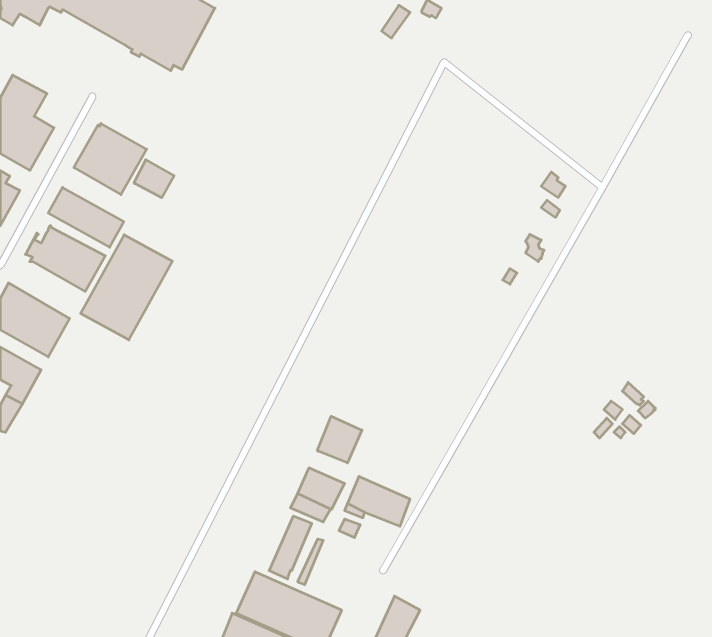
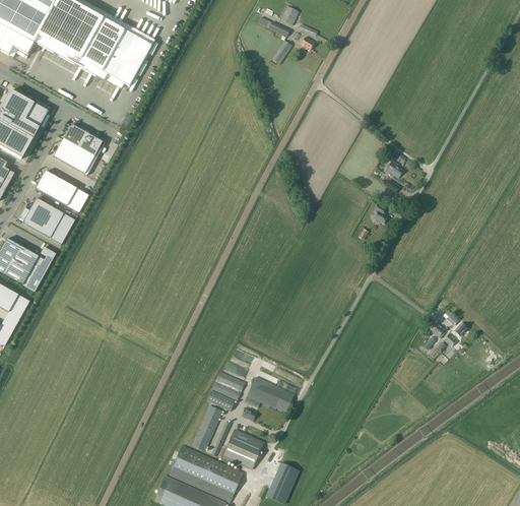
building: [134,160,174,198] -> none
building: [81,235,172,340] -> none
building: [317,416,362,463] -> none
building: none -> [223,428,264,467]

